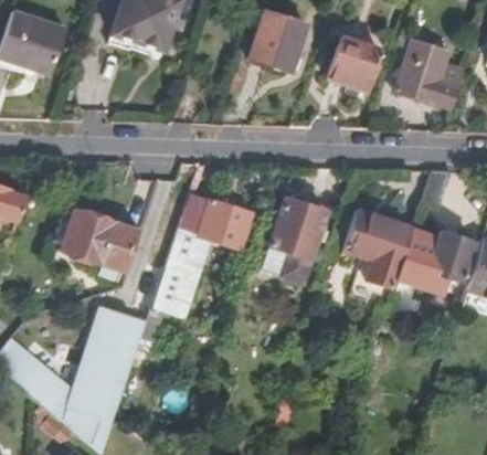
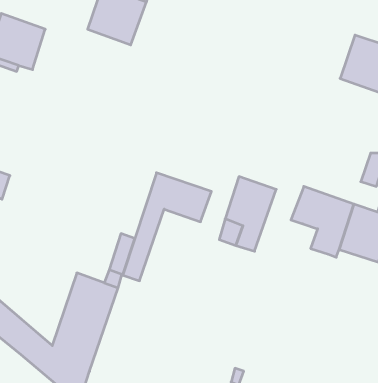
building: [250,12,308,73] -> none
building: [324,38,381,93] -> none
building: [59,212,134,273] -> none

